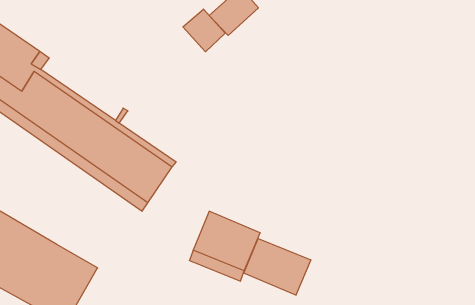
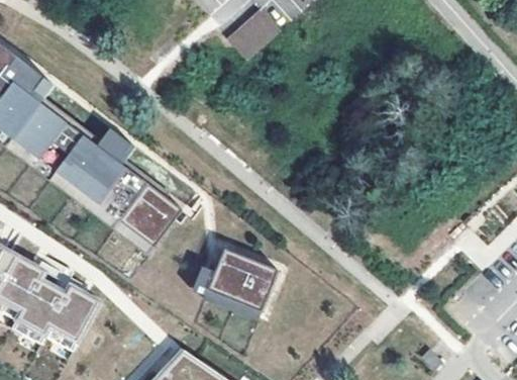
building: [183,9,225,52] -> none
building: [244,238,311,295] -> none

